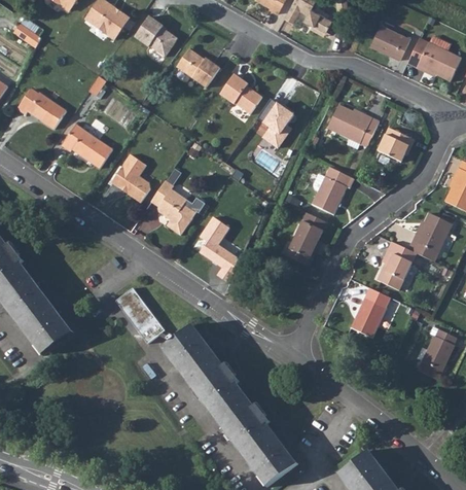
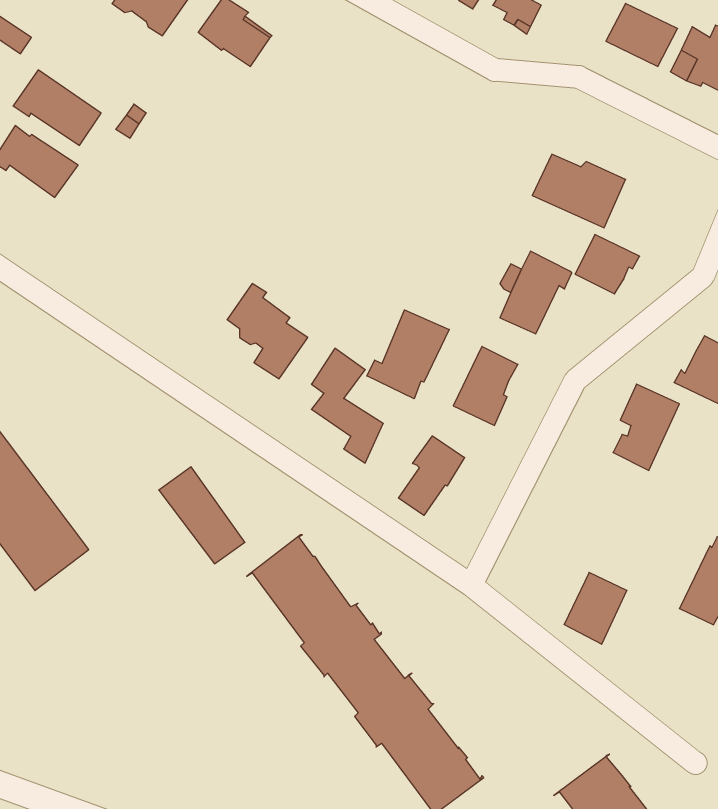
building: [178,49,221,89] -> none
building: [221,74,263,114] -> none
building: [250,104,299,149] -> none
building: [373,125,410,159] -> [575,235,640,294]
building: [61,127,111,170] -> [13,70,101,145]
building: [112,154,151,203] -> none
building: none -> [367,310,449,399]
building: none -> [398,436,465,515]
building: [346,293,382,335] -> [564,572,627,644]

